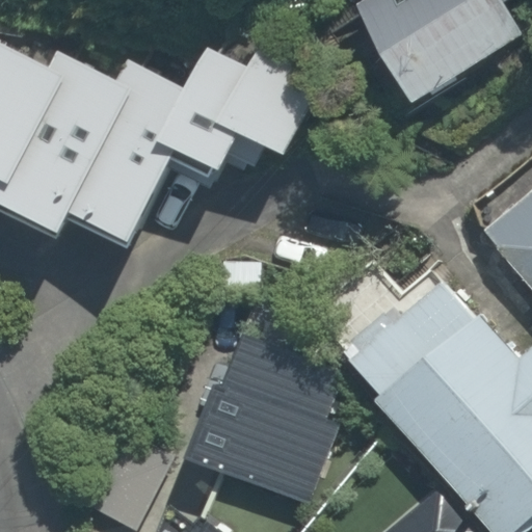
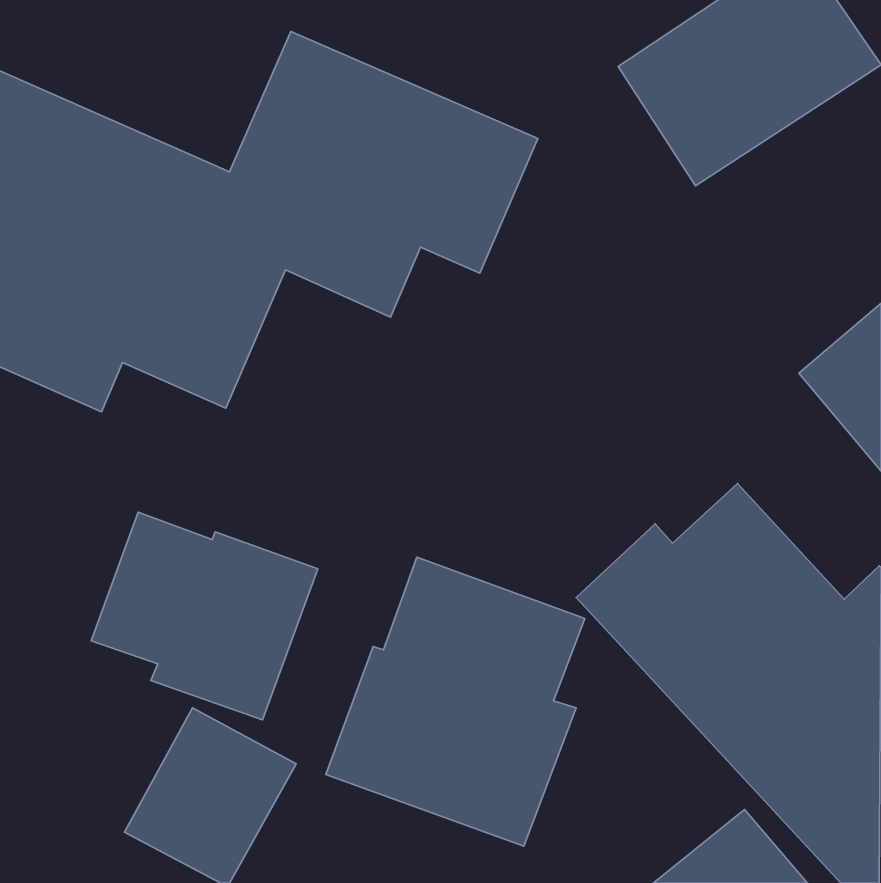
building: none -> [91,512,318,720]

